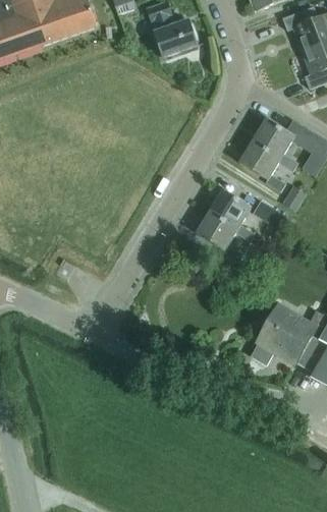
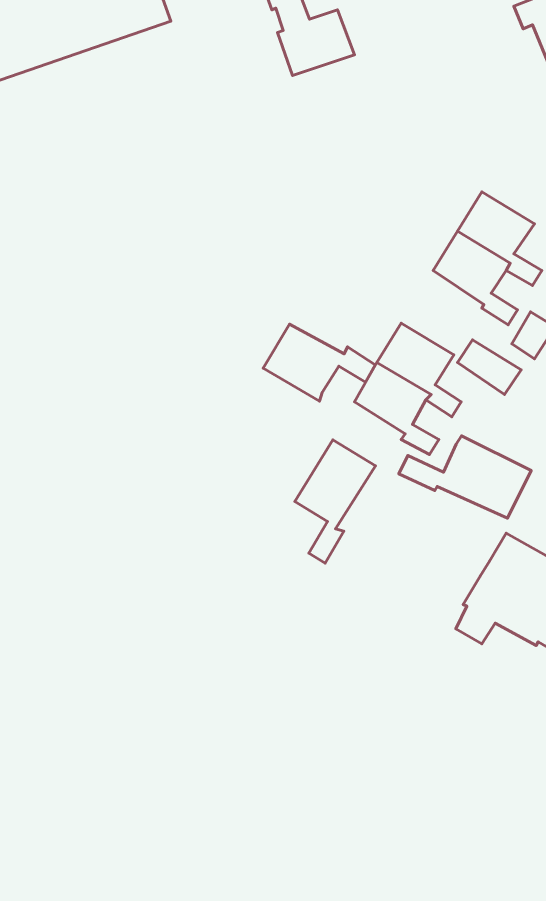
building: none -> [263,324,375,401]
building: none -> [399,436,531,518]
building: none -> [295,440,376,563]

